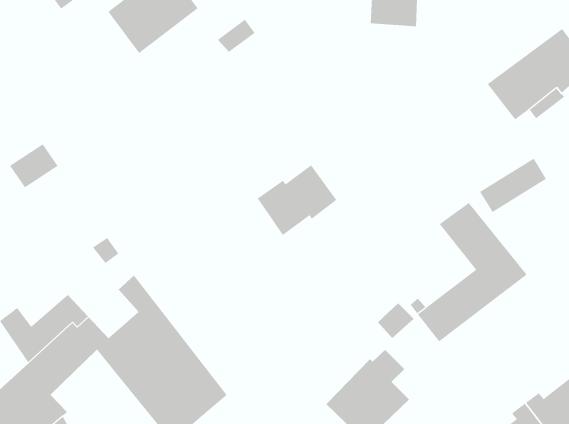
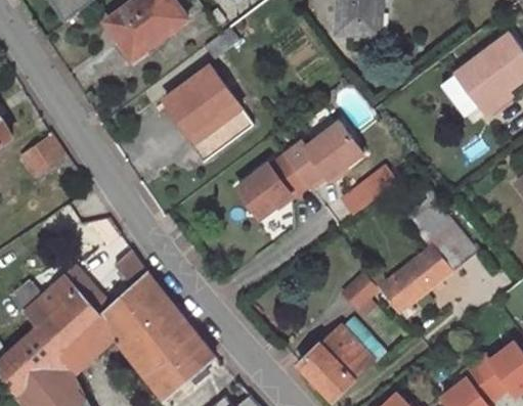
building: none -> [164,67,249,156]
building: none -> [286,122,364,186]
building: [479,158,547,213] -> [338,167,397,215]
building: none -> [57,318,113,372]

